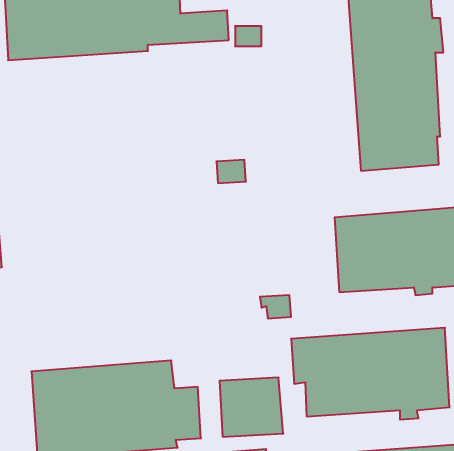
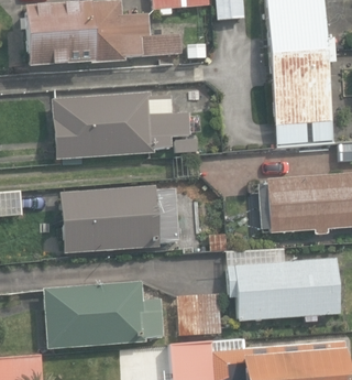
building: none -> [52,91,191,159]
building: none -> [60,185,180,252]

